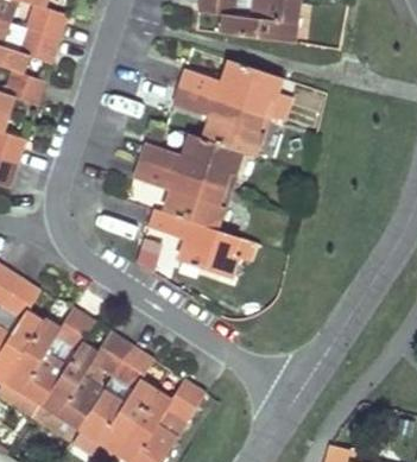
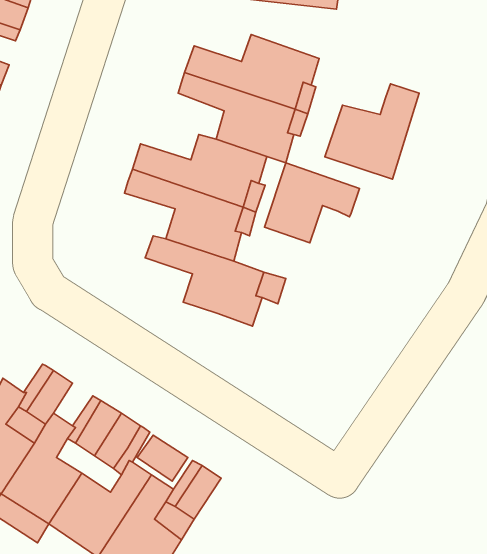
building: none -> [325,84,419,179]
building: none -> [265,163,359,243]

